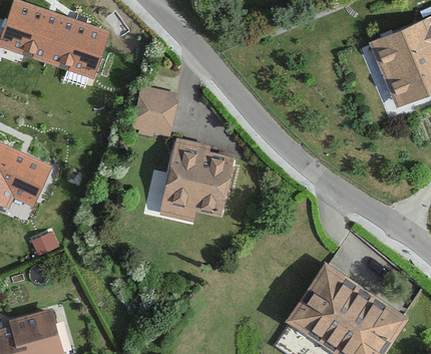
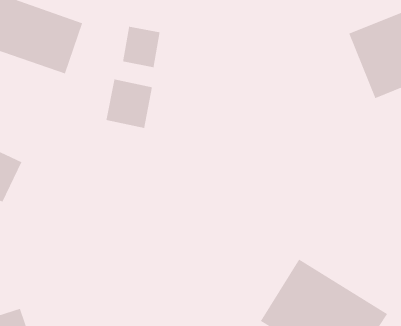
building: none -> [122,26,161,68]
building: [158,136,234,219] -> none

